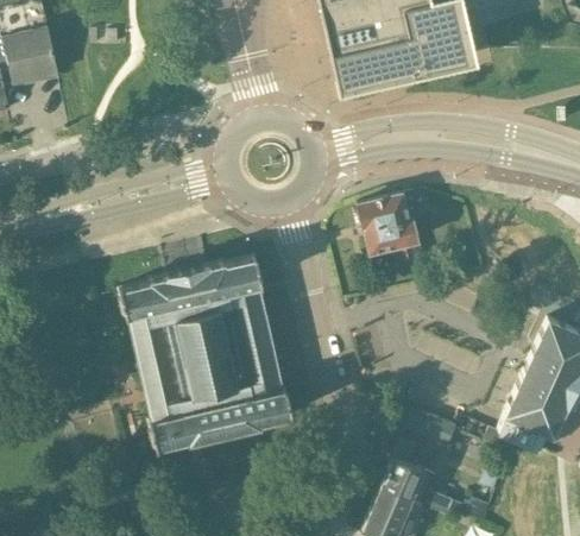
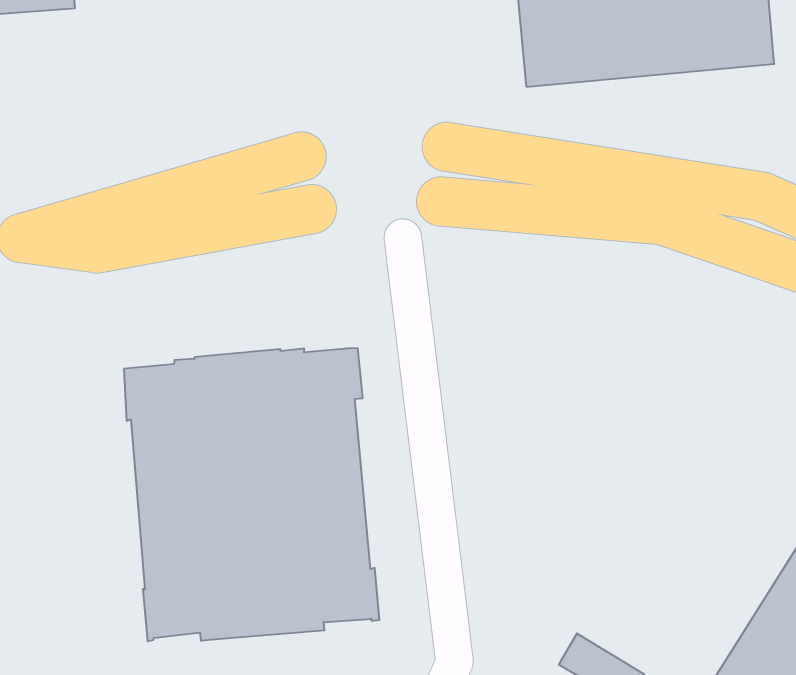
building: [355,195,422,265] -> none

